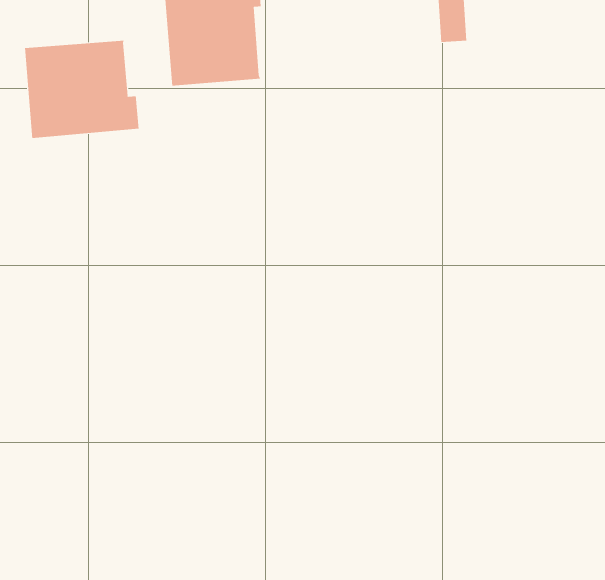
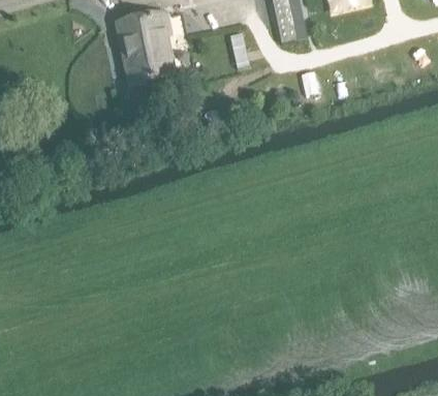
building: [25,40,139,139] -> none

